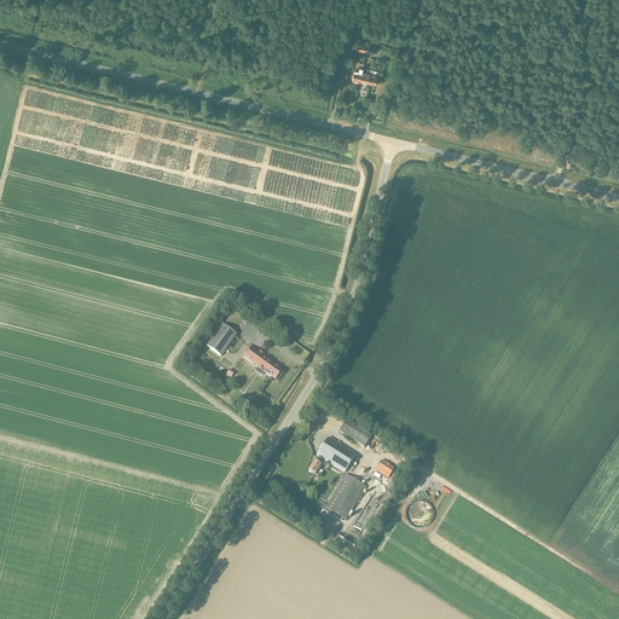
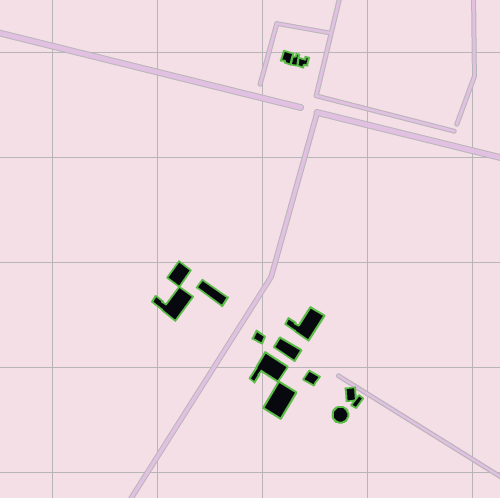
building: none -> [152,287,193,321]
building: none -> [285,307,324,341]

